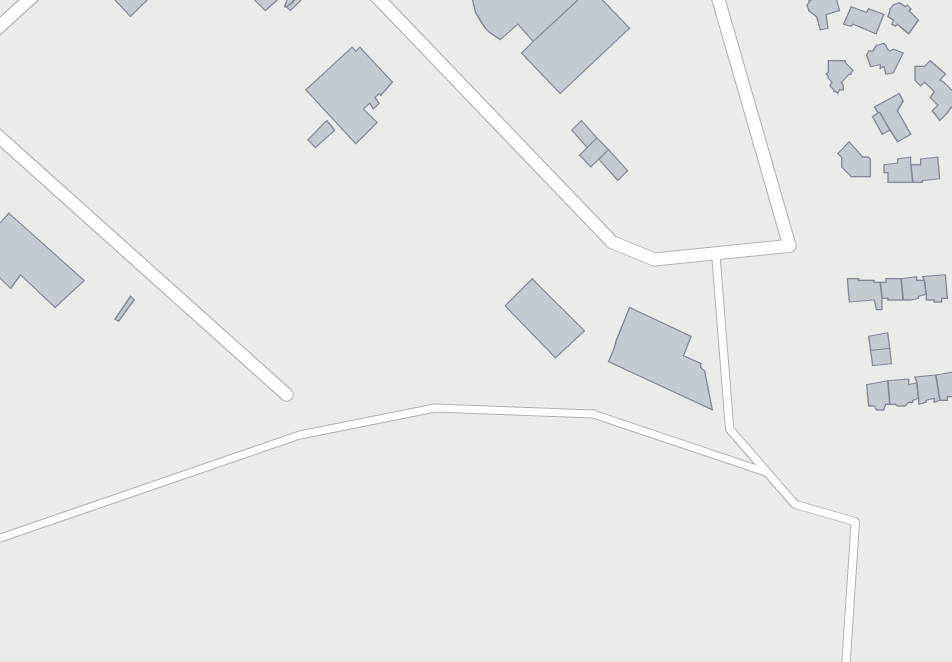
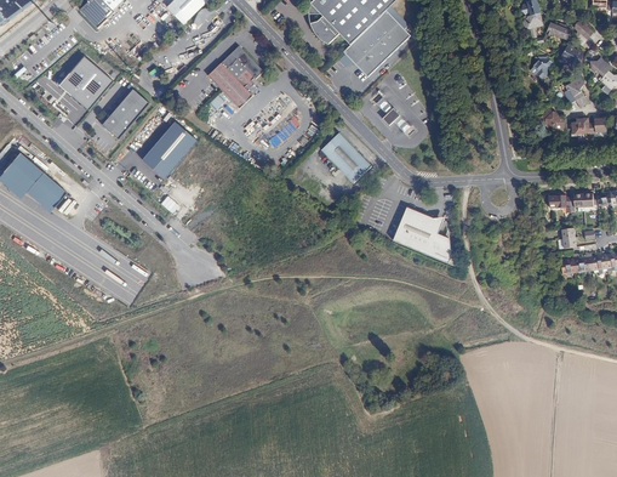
building: none -> [61,56,114,109]
building: none -> [103,90,150,140]
building: none -> [144,123,199,178]
building: [505,279,584,358] -> [320,132,370,182]

